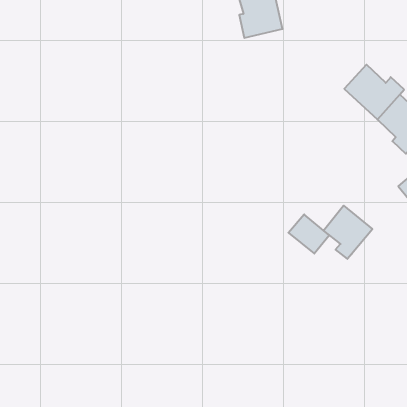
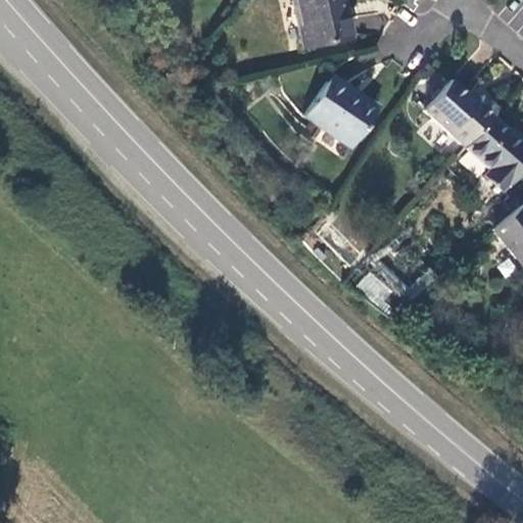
building: none -> [305,75,377,158]
building: [323,206,372,259] -> none

